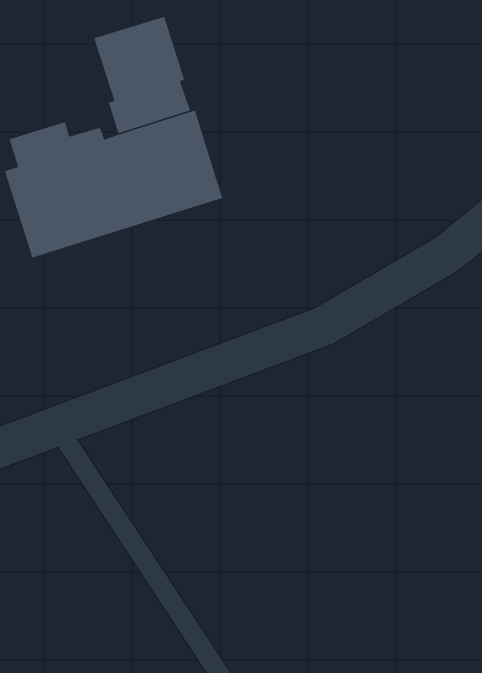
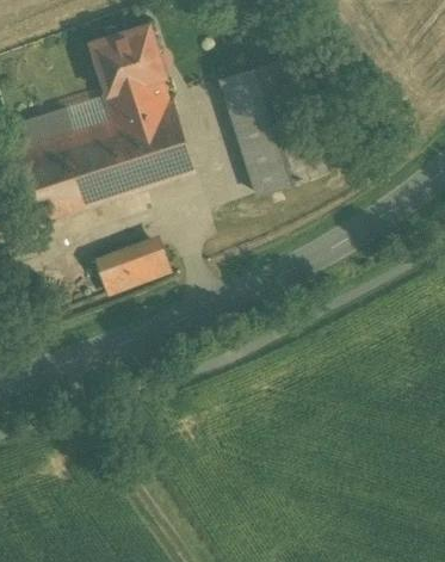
building: none -> [218,56,323,193]
building: none -> [93,237,167,292]

